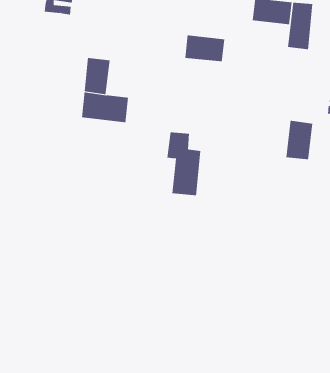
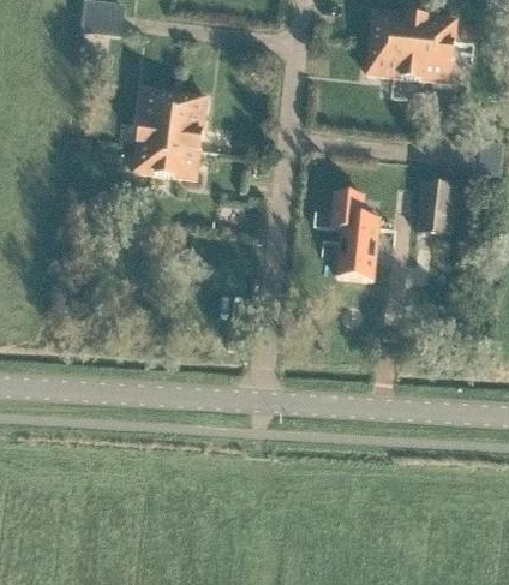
building: [184,35,225,62] -> [366,40,423,77]
building: none -> [168,95,204,147]
building: [166,132,201,196] -> [330,190,378,279]

